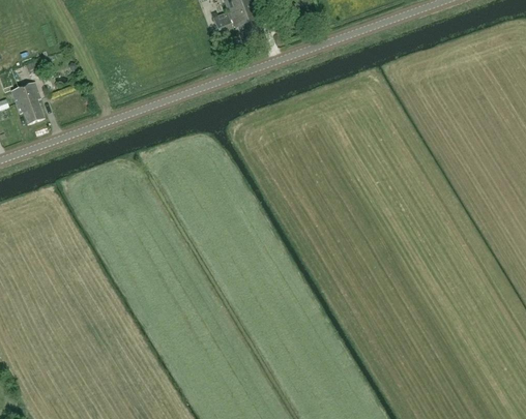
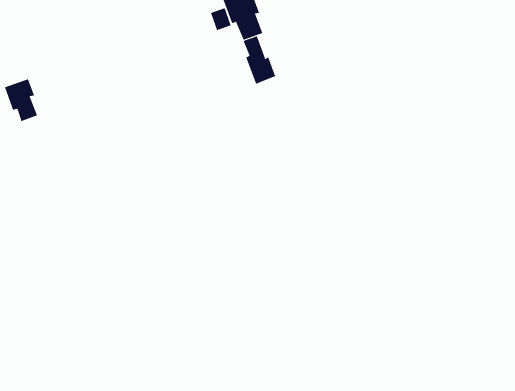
building: none -> [243,35,276,85]

